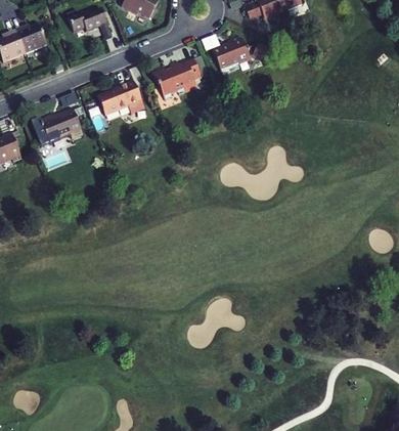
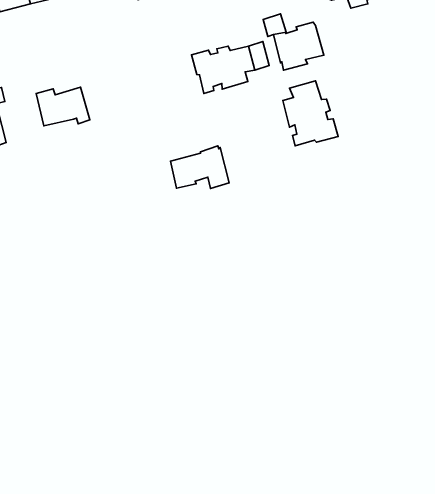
building: none -> [283,81,338,146]
building: [98,81,144,117] -> [171,146,229,189]

